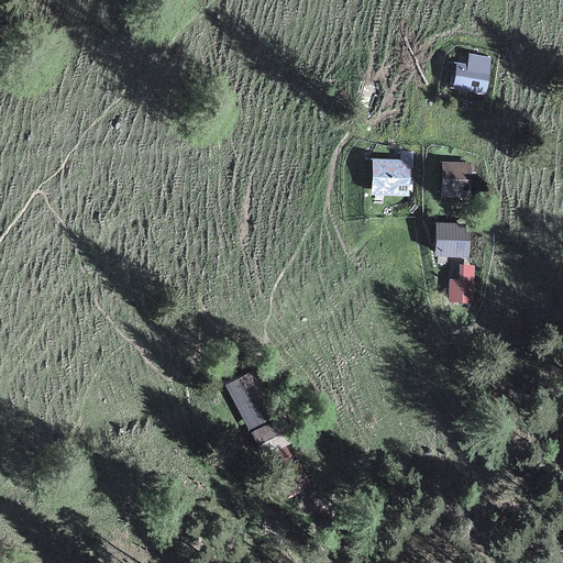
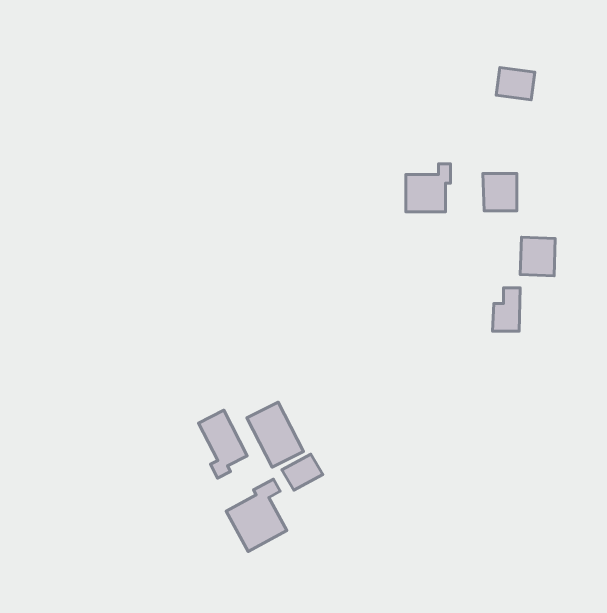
building: [435,222,467,257] -> [520,237,555,276]
building: none -> [199,410,247,478]
building: none -> [226,479,287,551]

